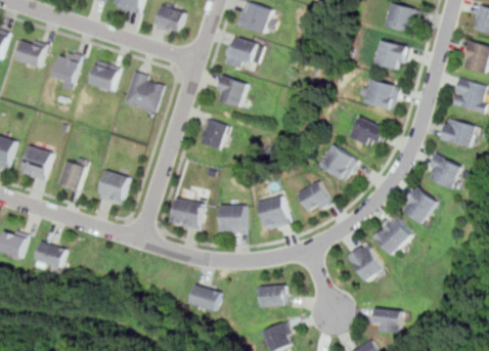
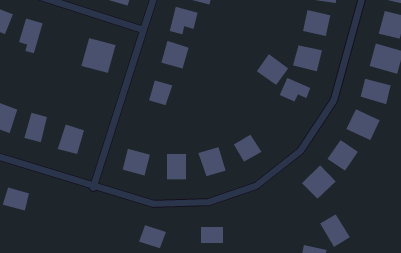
building: [89,59,120,91] -> none
building: [318,144,356,181] -> [256,53,289,86]
building: [347,244,383,282] -> [319,214,351,248]

